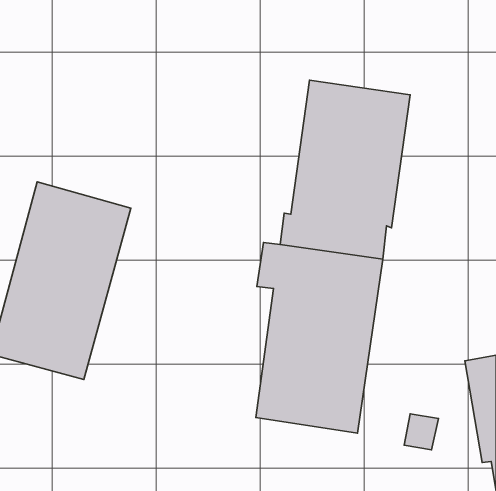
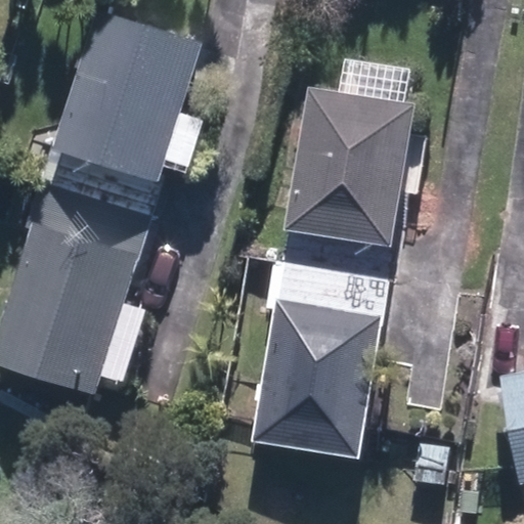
building: none -> [39,14,190,217]

